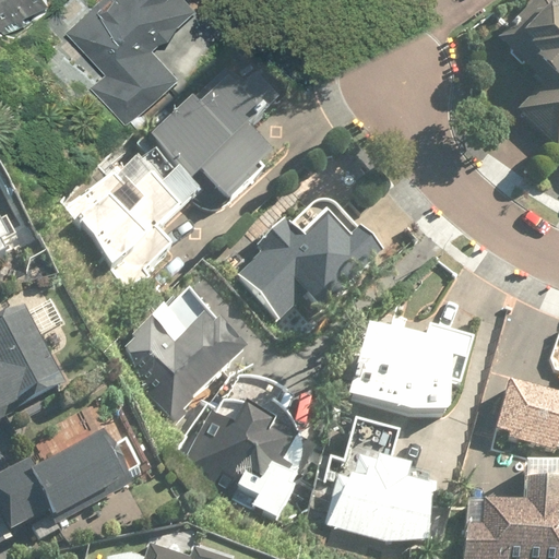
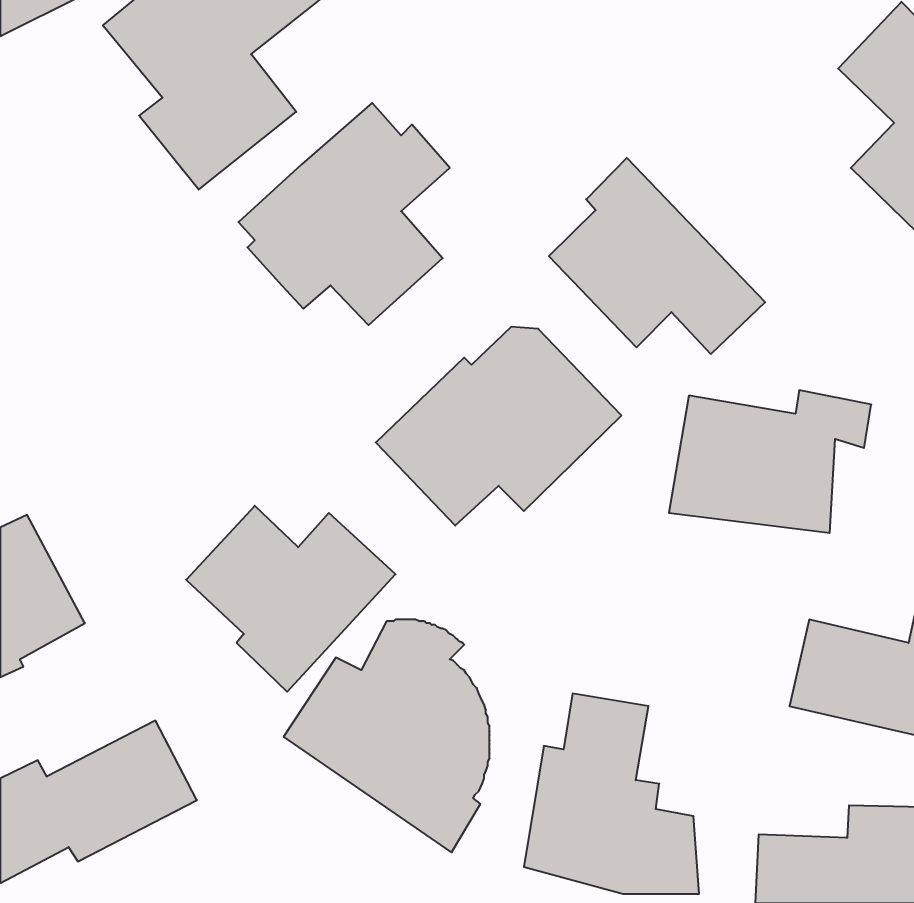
building: none -> [549,158,765,354]
building: [63,127,197,284] -> none
building: [348,326,471,413] -> [669,390,871,533]

